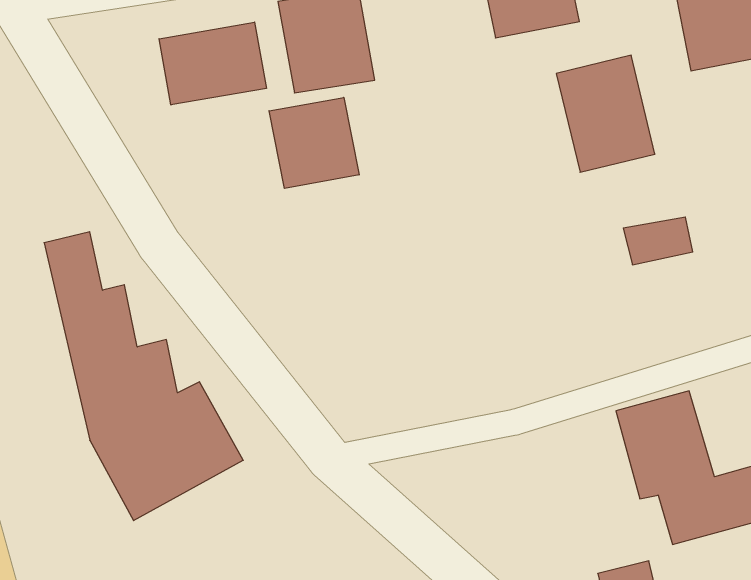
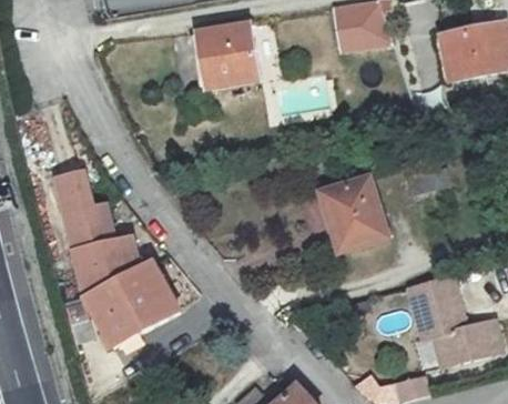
building: [159,22,266,105] -> none
building: [556,55,655,172] -> [328,179,388,250]
building: [269,97,359,188] -> none

